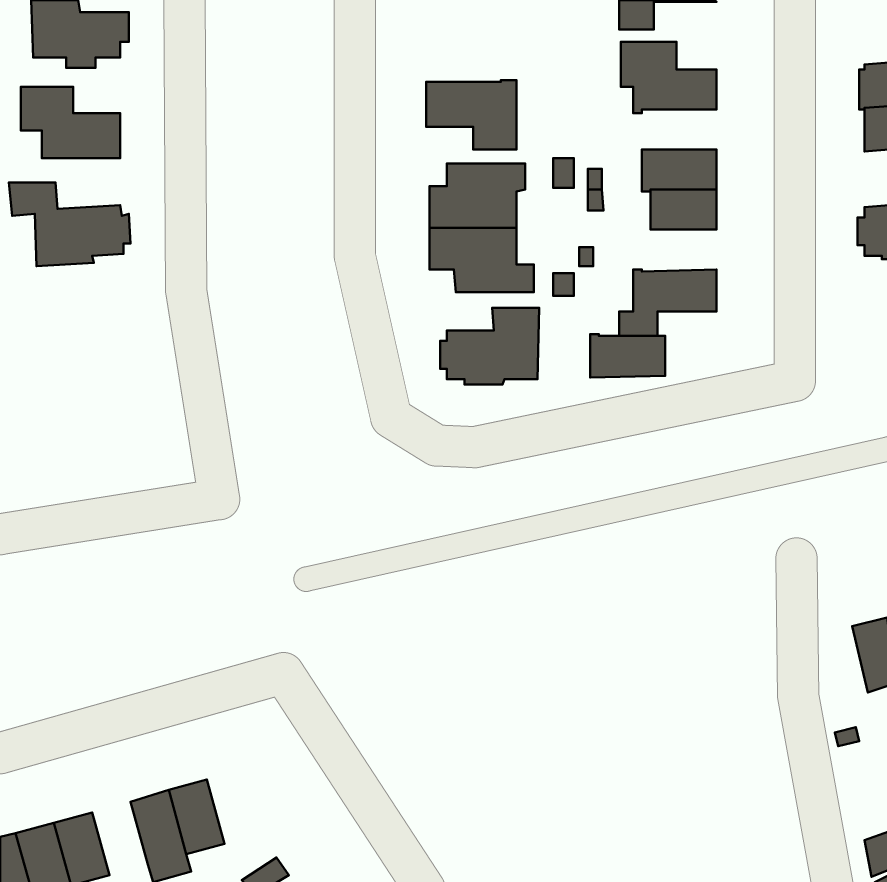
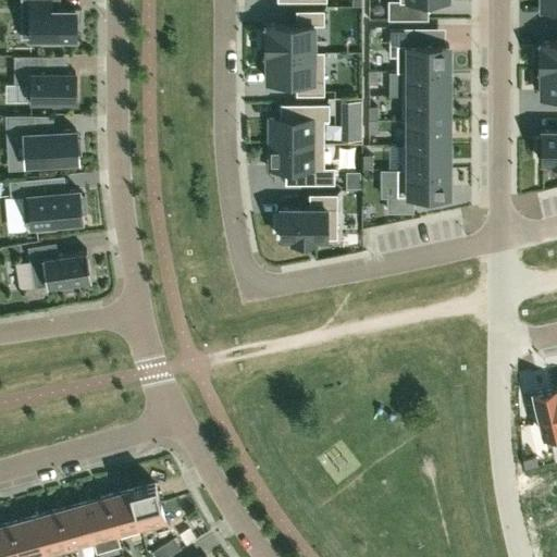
building: none -> [264,13,325,57]
building: none -> [403,73,449,98]
building: none -> [10,181,87,234]
building: [590,334,665,378] -> [403,147,449,174]
building: none -> [28,245,91,292]
building: none -> [131,485,166,532]
building: none -> [59,506,94,552]

